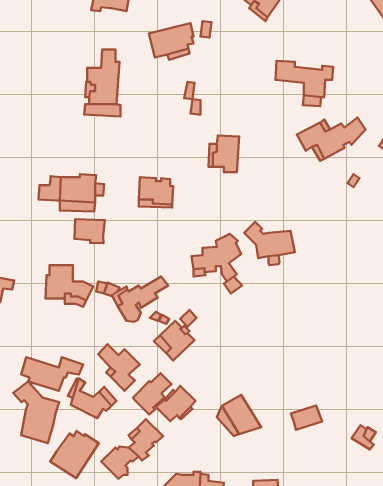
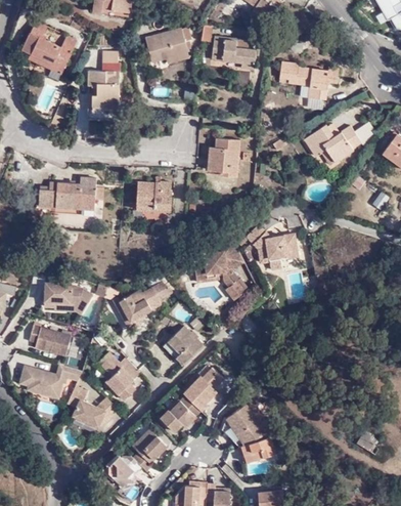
building: none -> [23,23,78,77]
building: none -> [216,39,259,71]
building: [74,219,105,243] -> none
building: none -> [32,326,74,355]
building: [133,373,172,415] -> [182,367,221,409]
building: [13,382,59,443] -> none
building: [291,405,322,430] -> [239,435,271,460]
building: [50,431,99,478] -> none

